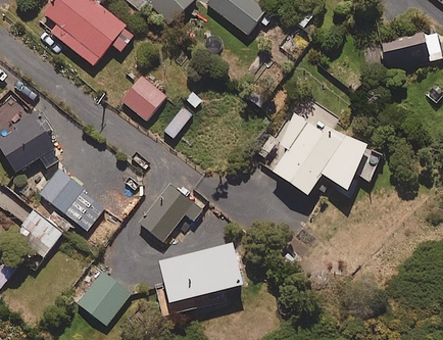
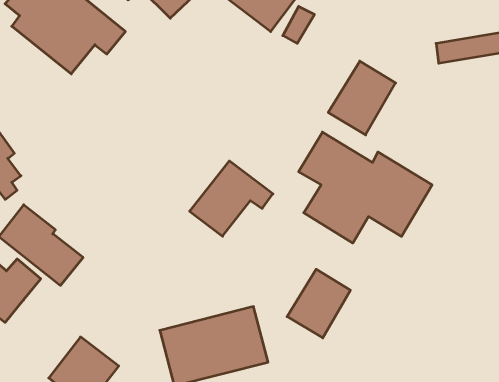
building: none -> [328,61,396,135]
building: [120,75,165,119] -> none
building: [137,183,201,241] -> [190,161,273,236]
building: none -> [287,269,350,338]

